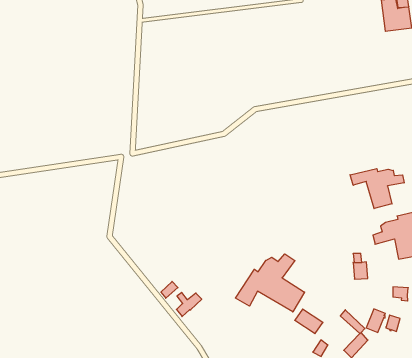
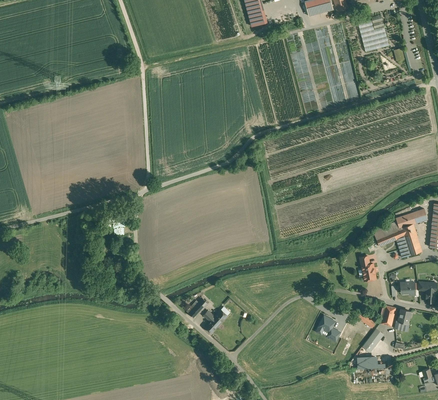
building: [350,169,404,209] -> none
building: [235,254,305,312] -> none

